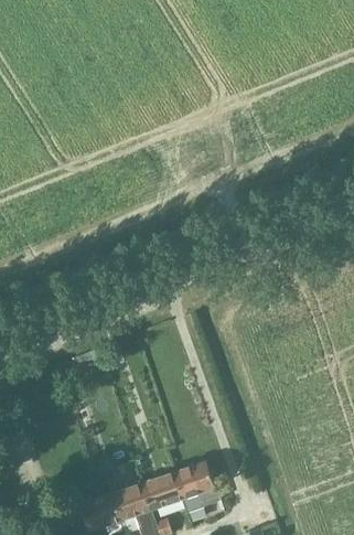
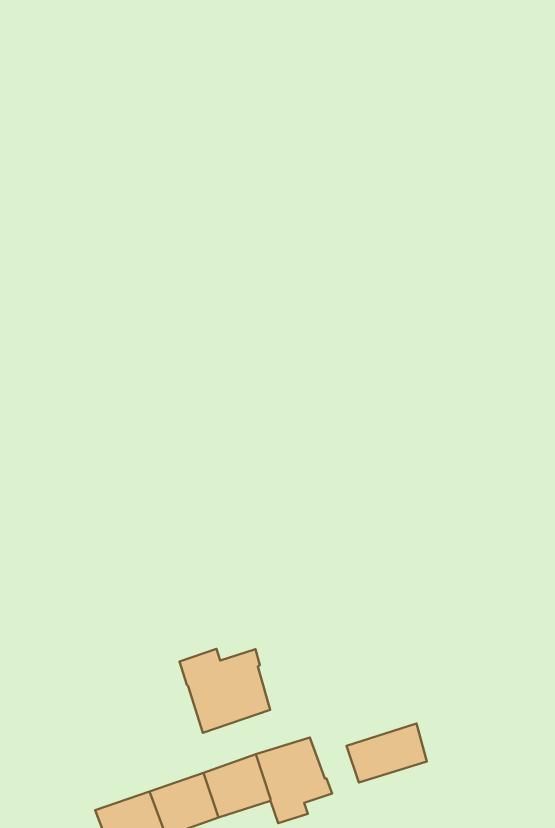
building: none -> [179,649,270,733]
building: none -> [346,724,427,783]

